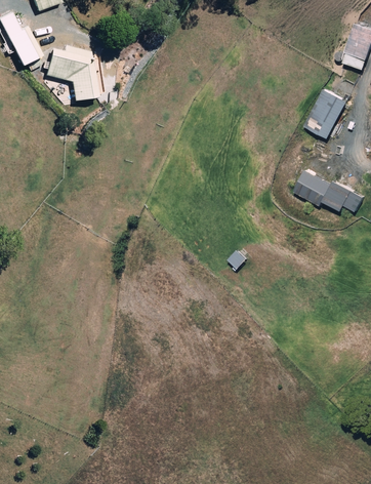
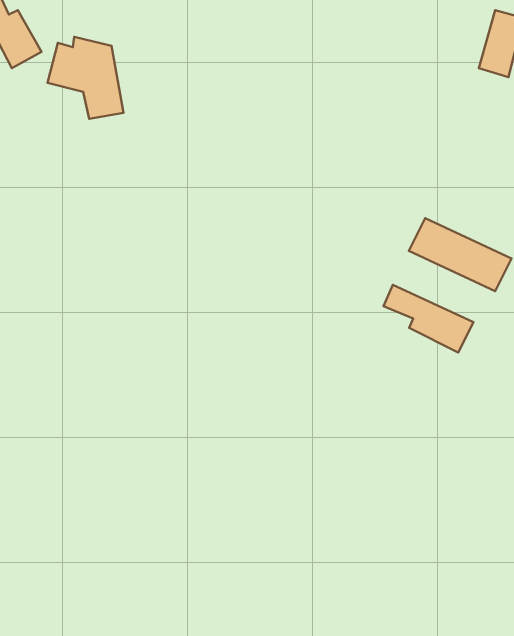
building: [301,89,346,142] -> none
building: none -> [383,285,473,353]

